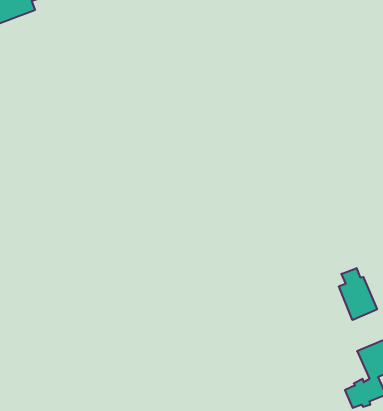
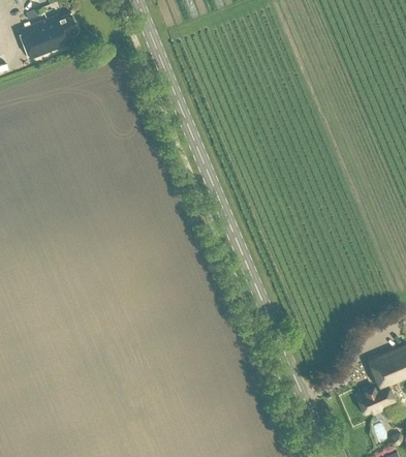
building: [339,268,377,320] -> none

